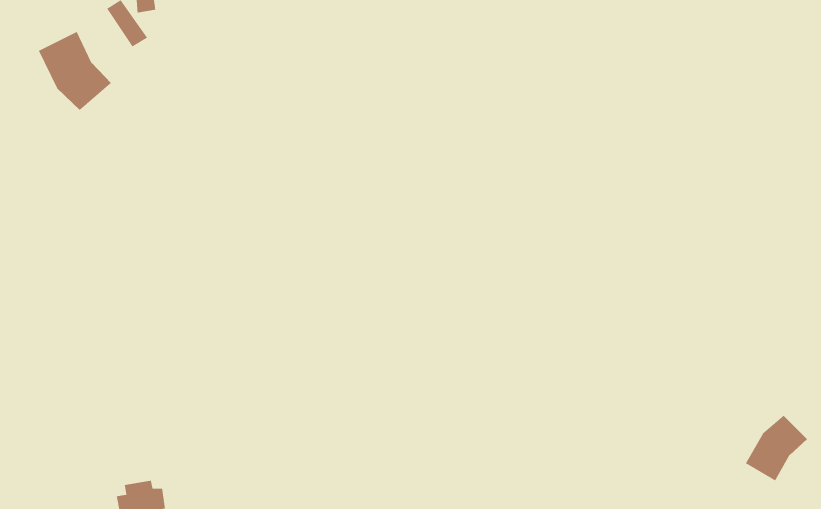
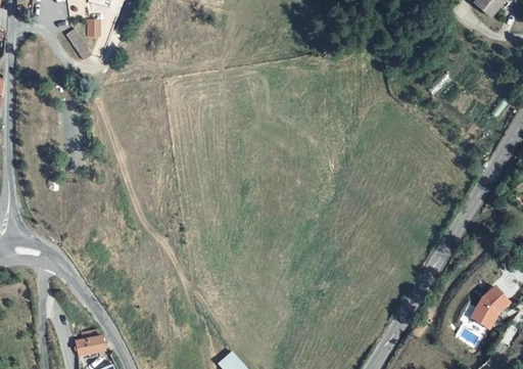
building: [38,31,112,111] -> none

